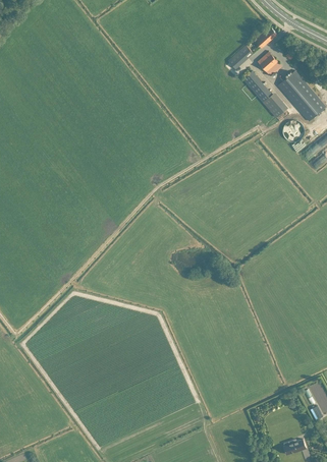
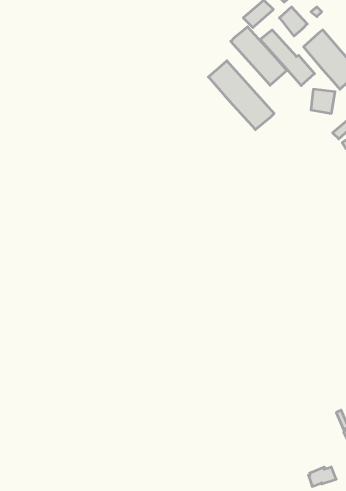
building: none -> [231,27,287,85]
building: none -> [208,61,274,130]

